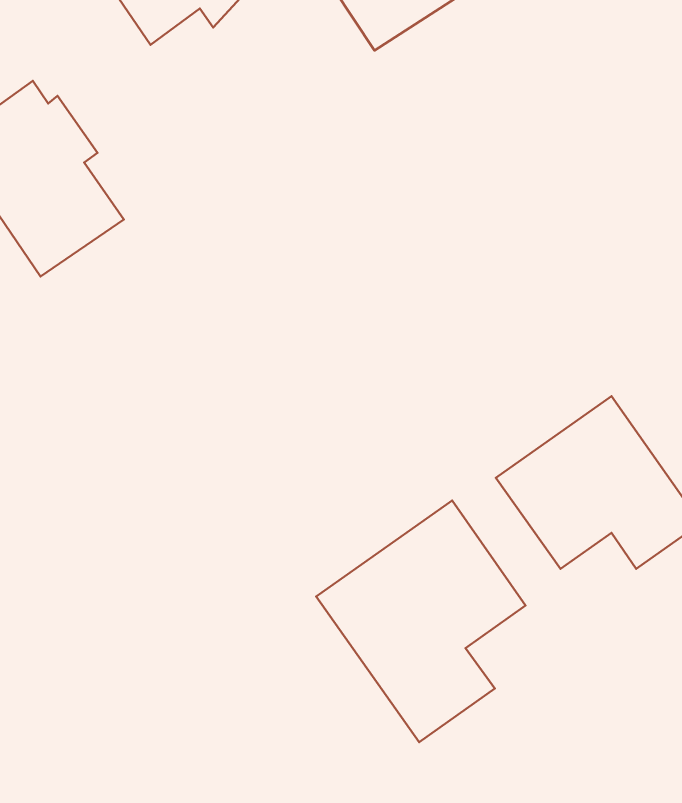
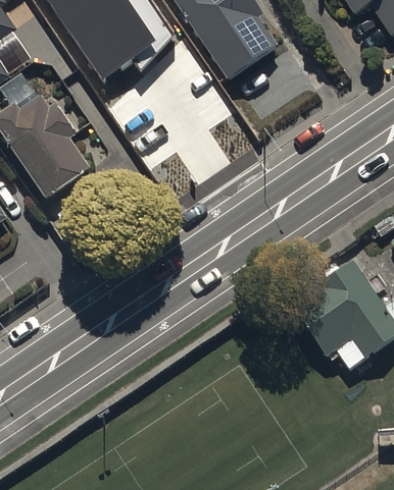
building: [316,501,526,742] -> none

